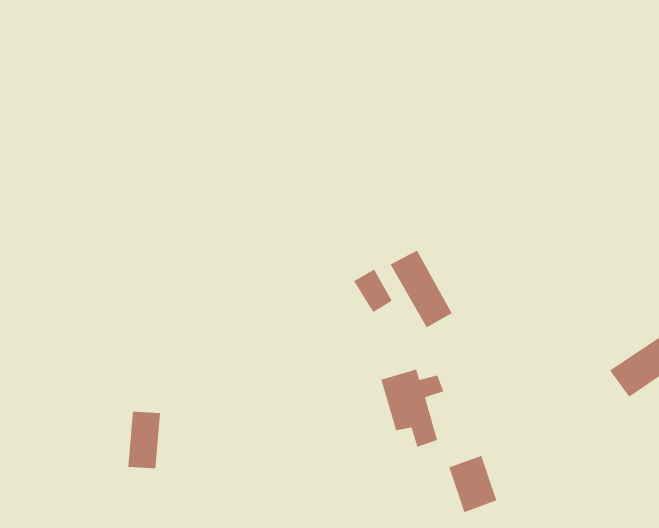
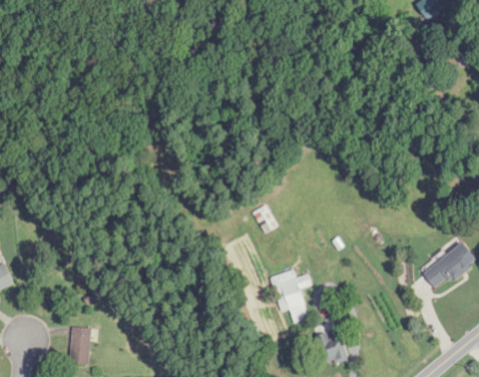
building: [390,250,452,328] -> none
building: [127,411,161,469] -> [68,327,90,365]

